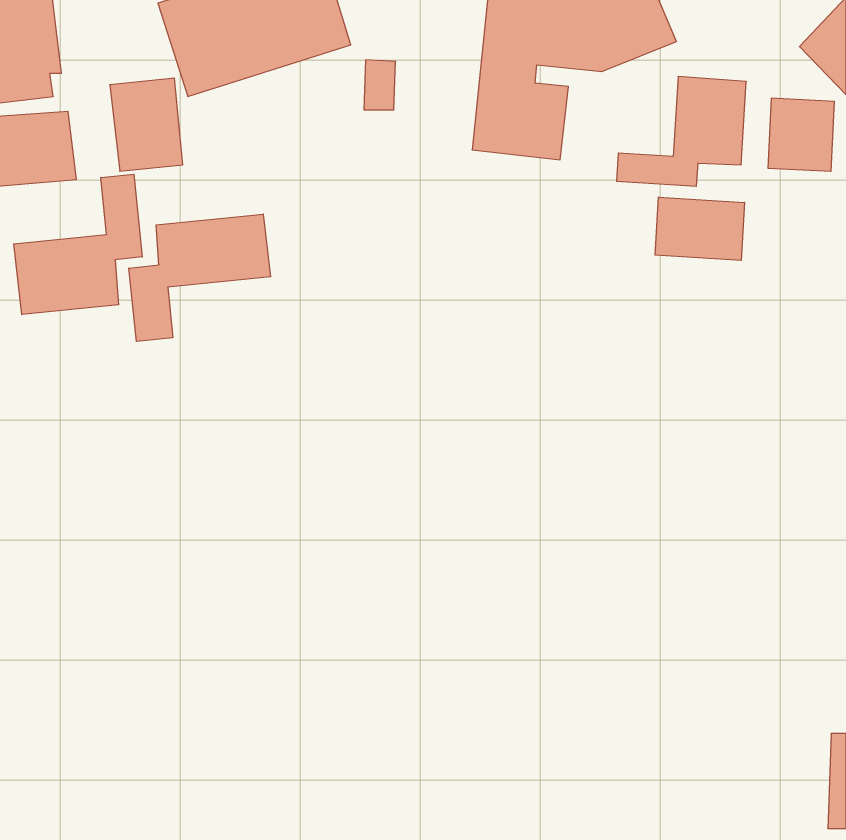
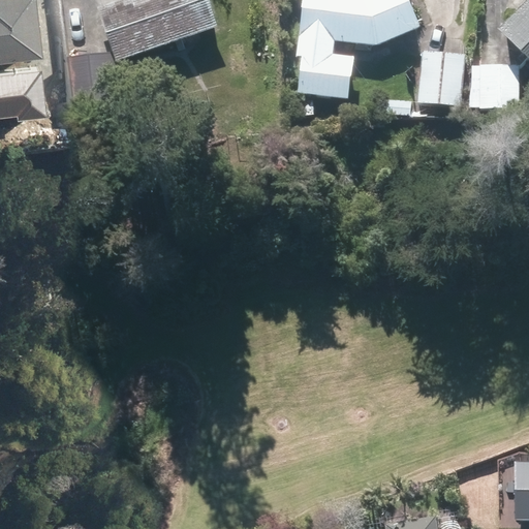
building: [14,174,142,315] -> none
building: [655,197,745,260] -> none
building: [129,214,271,341] -> none

